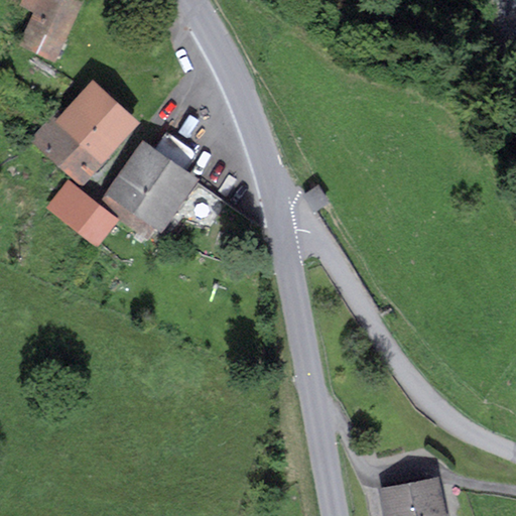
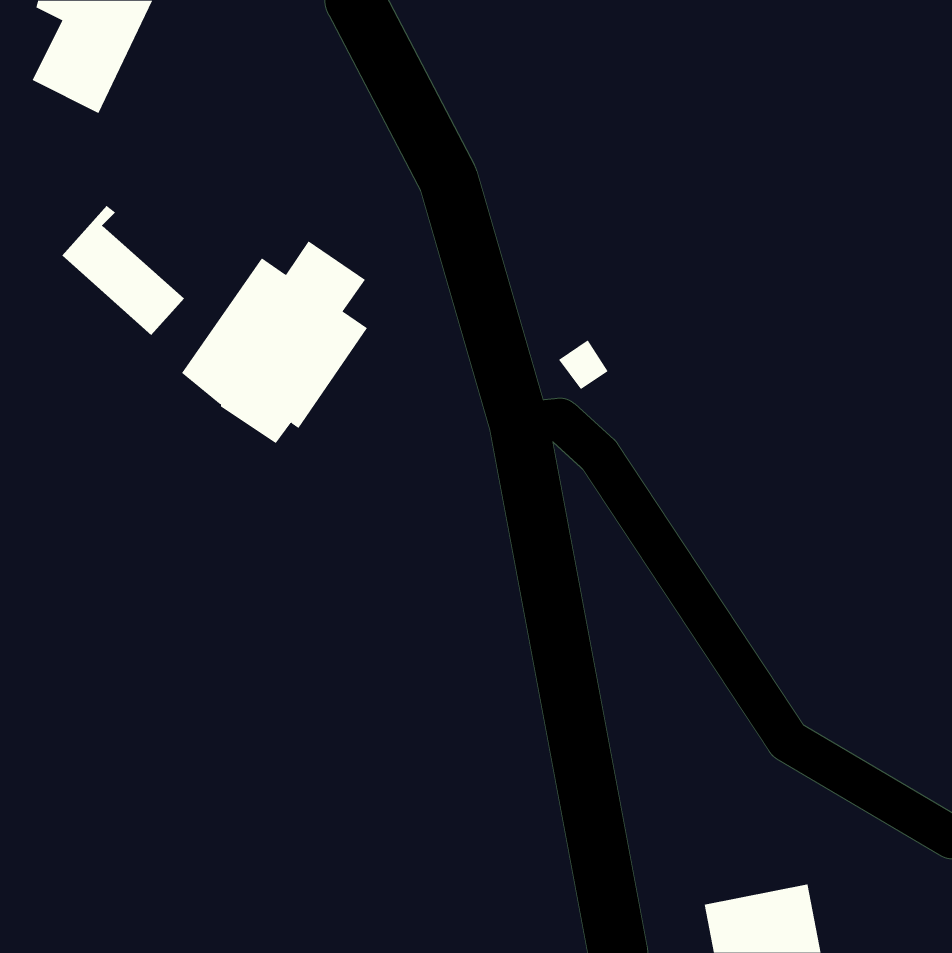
building: [55,82,136,161] -> none
building: [45,178,119,247] -> none

